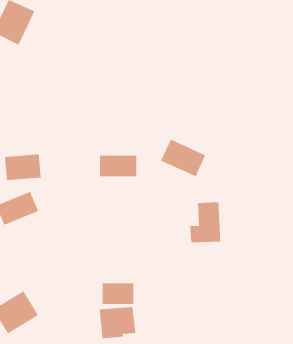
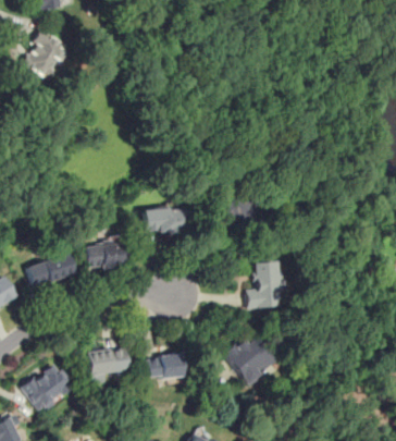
building: [4,154,41,181] -> [85,241,127,271]
building: none -> [223,338,279,387]
building: [99,306,136,339] -> [88,346,131,383]

